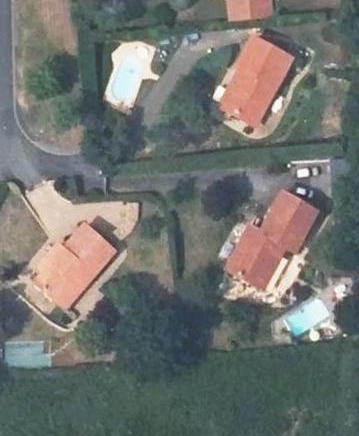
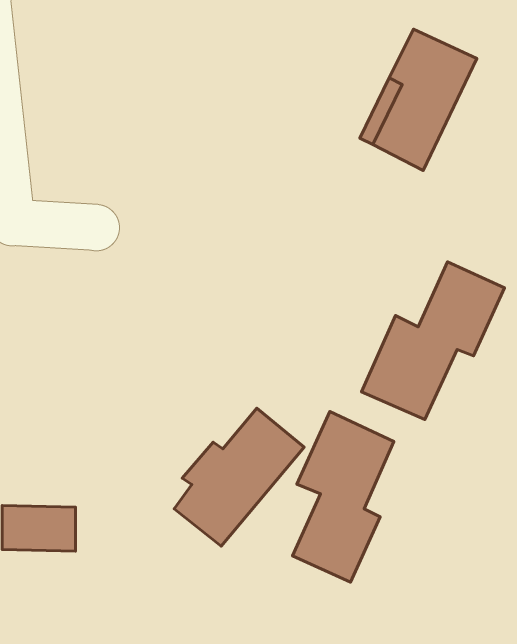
building: [34,222,114,307] -> [174,408,304,546]
building: none -> [292,411,394,582]

